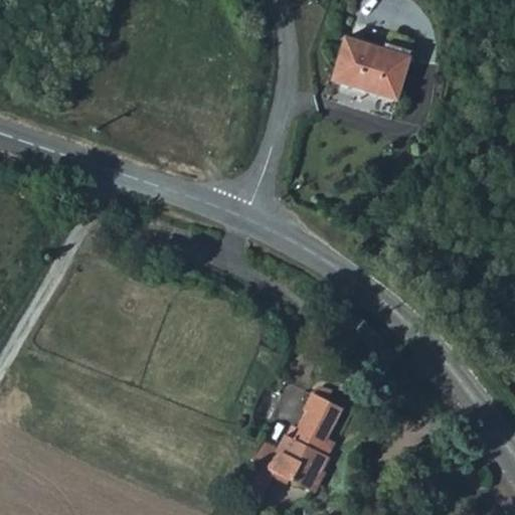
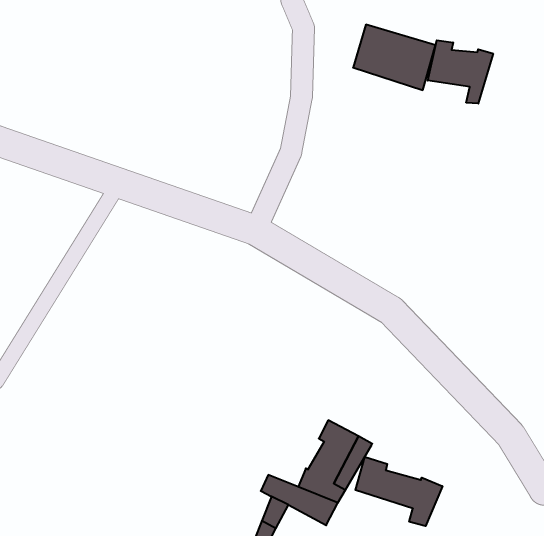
building: none -> [428,40,493,104]
building: none -> [355,457,442,526]

